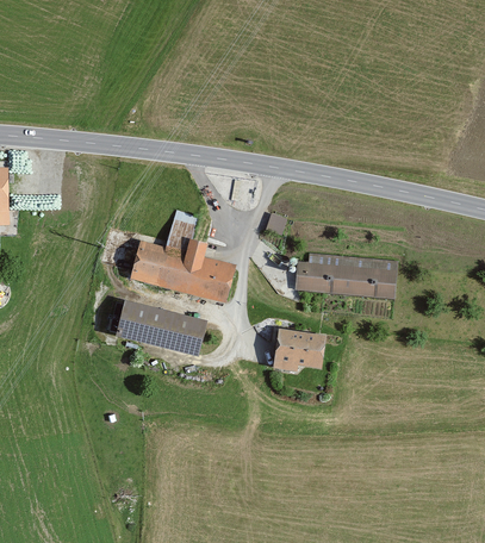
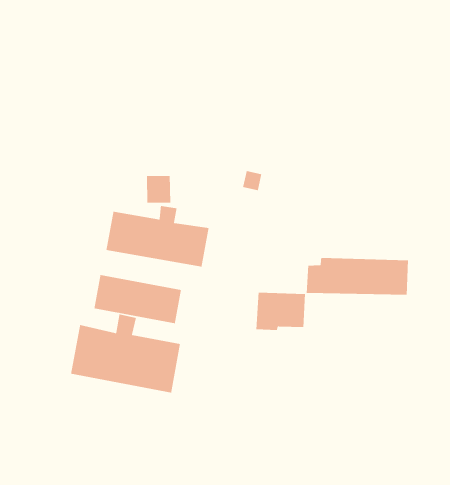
building: [297,252,399,295] -> [306,257,409,295]
building: none -> [70,314,181,393]

